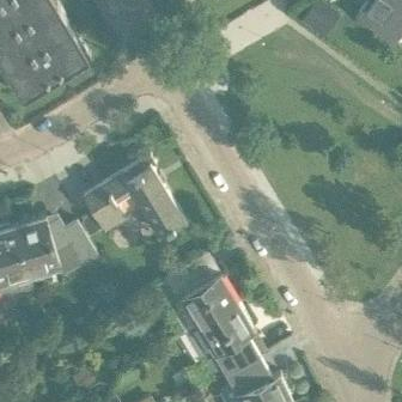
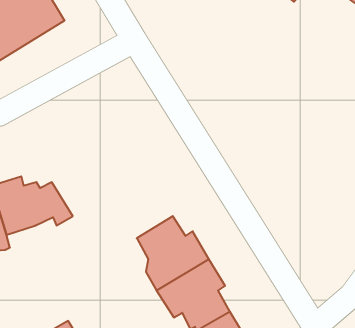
building: [81,157,182,236] -> none

